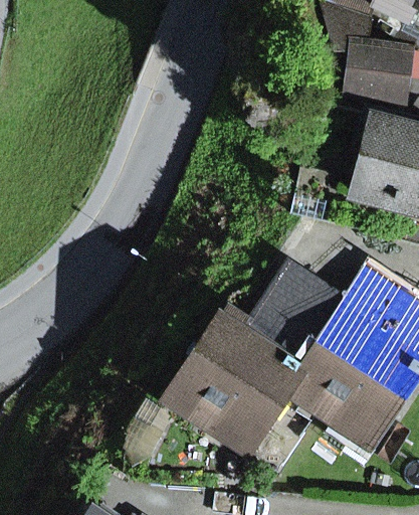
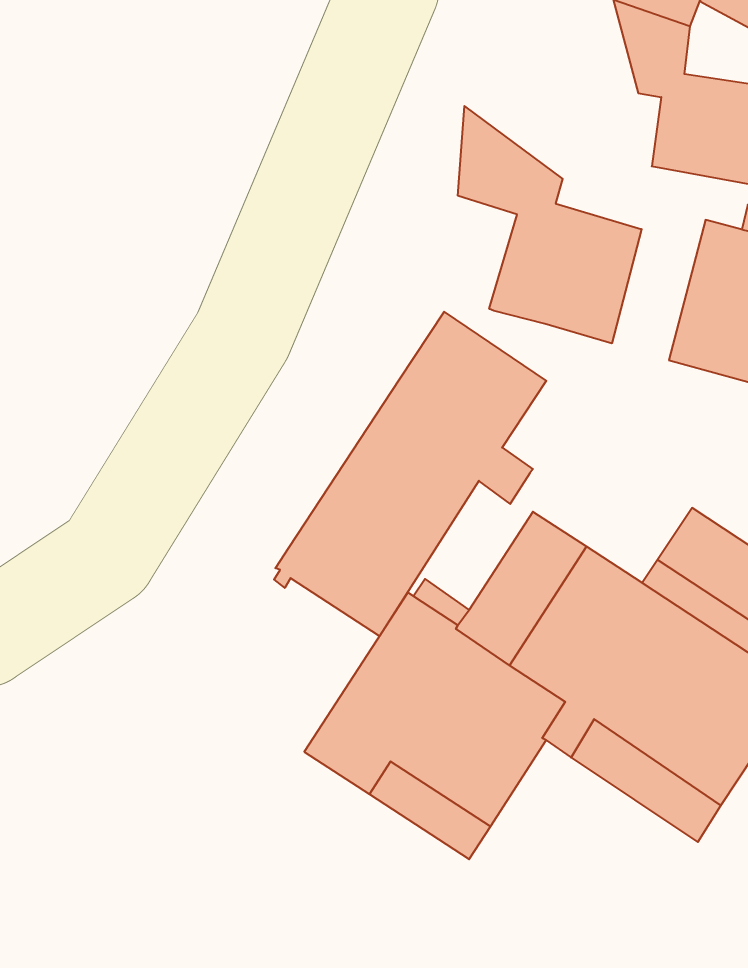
building: none -> [458,106,642,343]
building: none -> [274,312,546,636]

